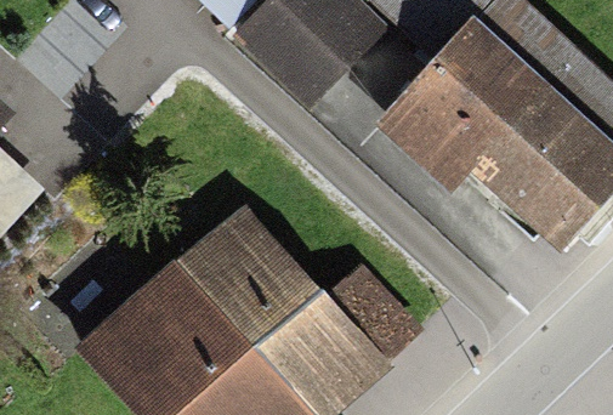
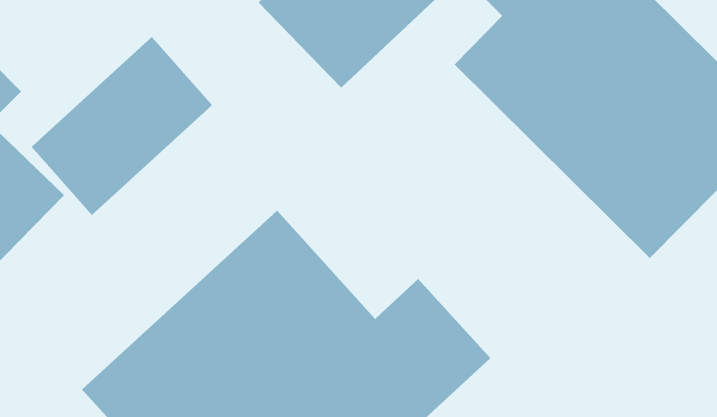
building: none -> [31,36,213,216]

